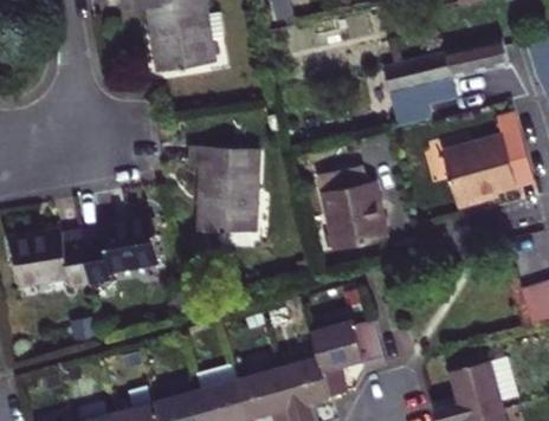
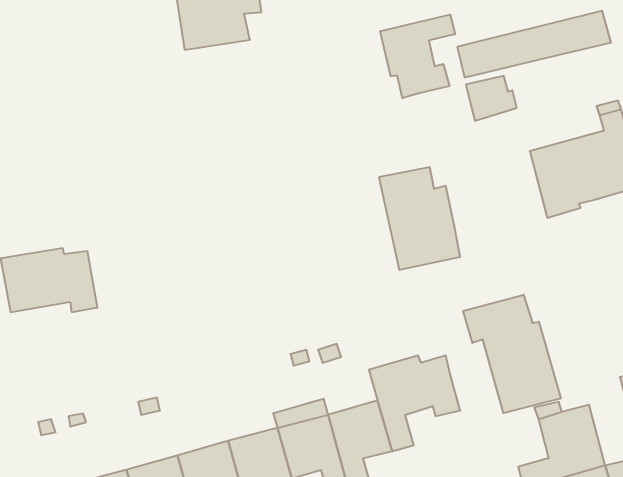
building: none -> [380,14,455,98]
building: [188,148,256,233] -> none
building: [80,219,156,281] -> none
building: none -> [463,295,561,413]

